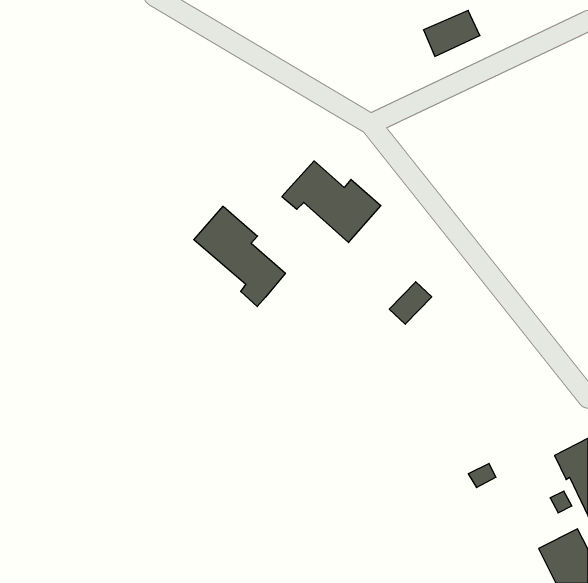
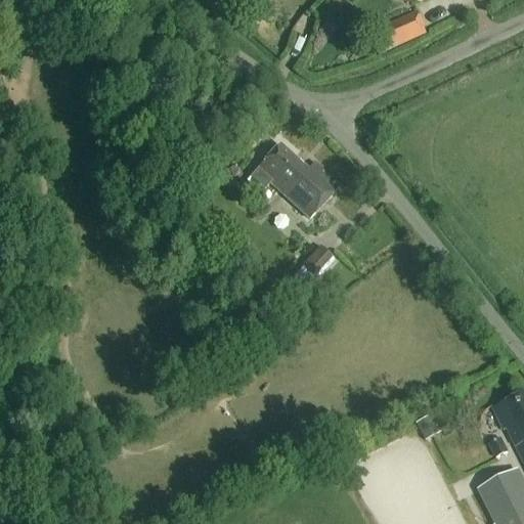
building: [194,206,285,307] -> none
building: [389,282,432,324] -> [296,244,334,281]

